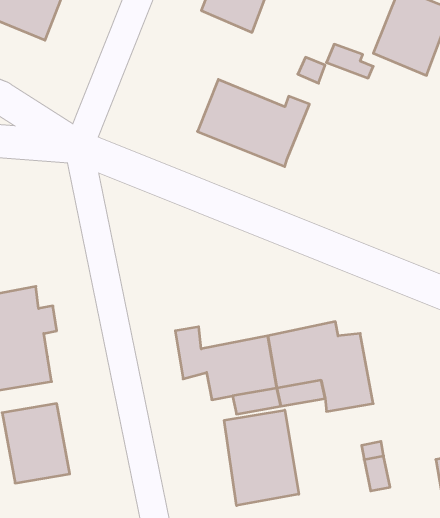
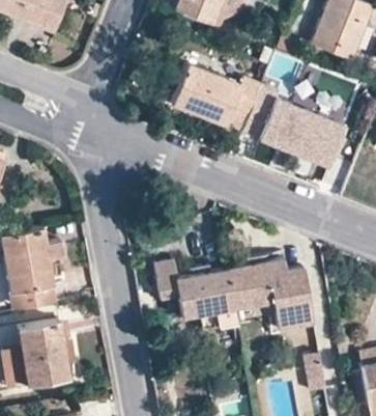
building: none -> [242,84,345,168]
building: [224,410,299,506] -> none

